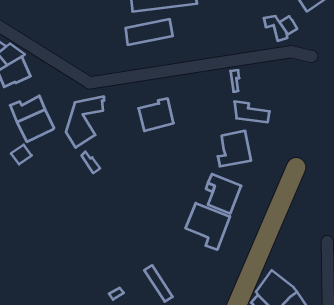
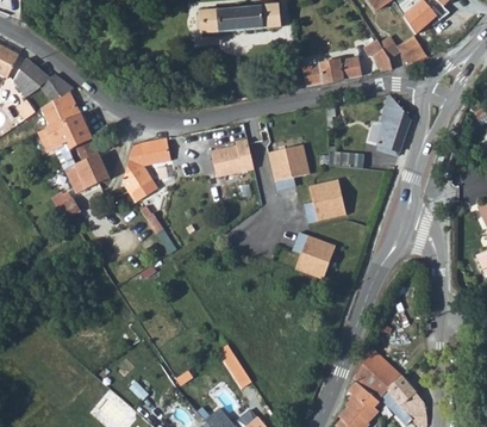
building: none -> [398,35,427,67]
building: [126,19,173,45] -> [302,55,360,86]
building: none -> [374,94,410,163]
building: none -> [48,113,90,149]
building: none -> [267,146,308,191]
building: [186,203,230,250] -> none

